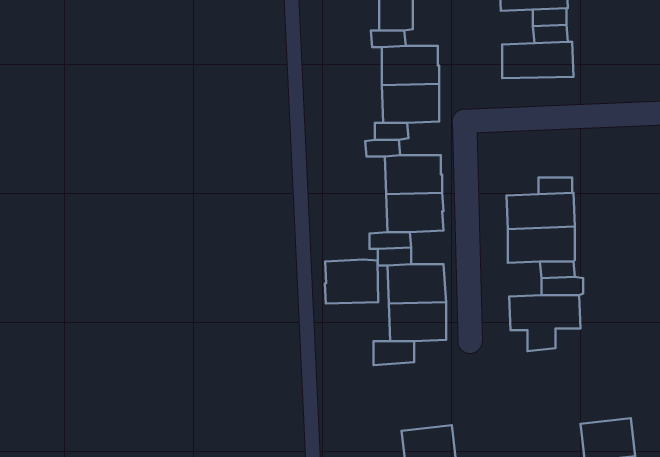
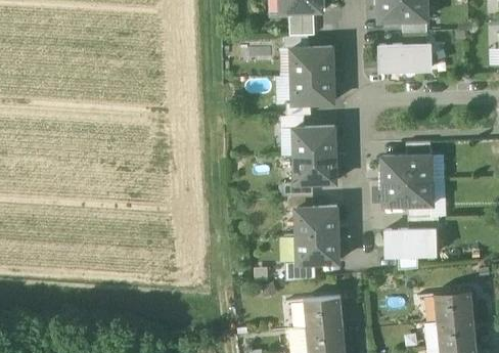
building: [325,260,378,304] -> none
building: none -> [434,293,473,324]
building: none -> [303,298,343,329]

